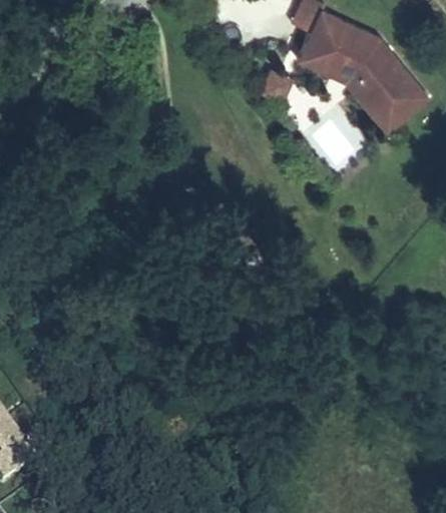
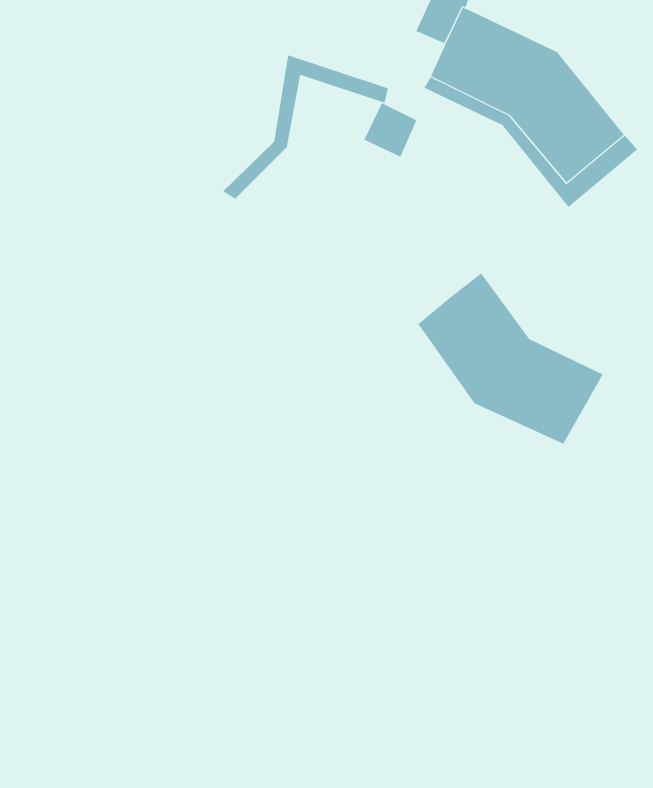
building: none -> [222,54,388,200]
building: none -> [417,272,603,445]

